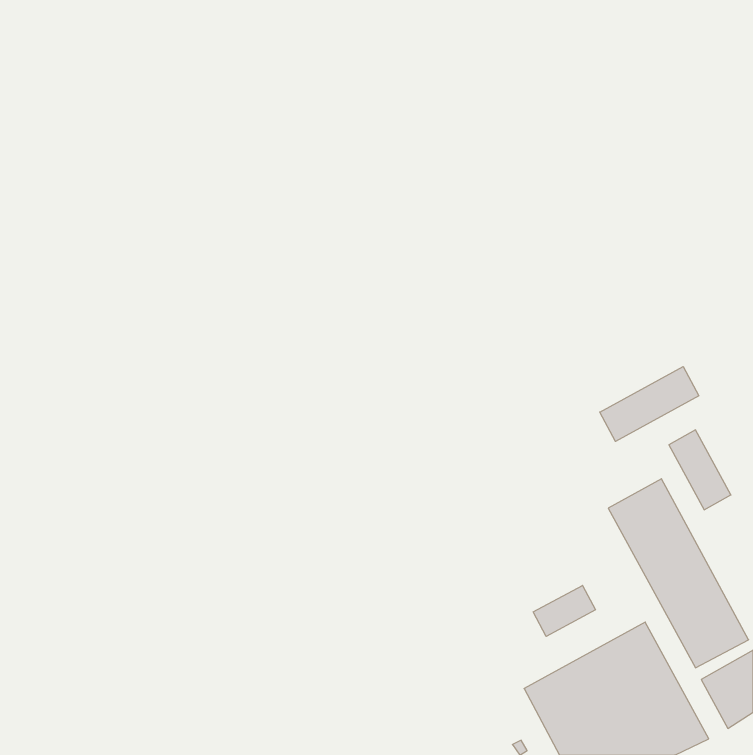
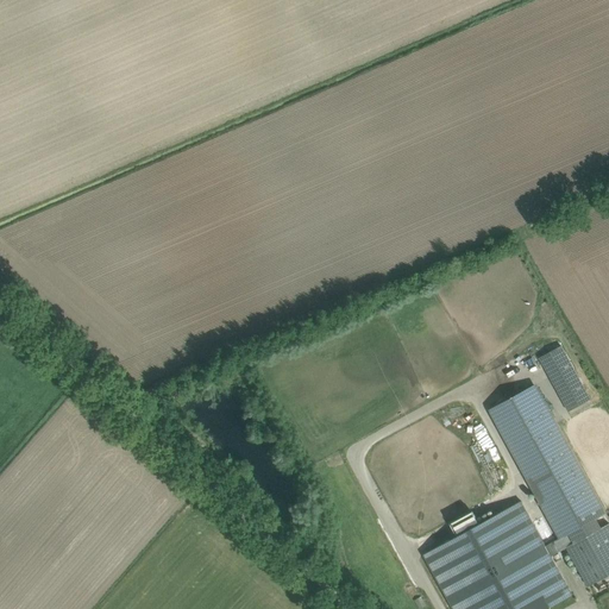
building: [600,367,699,441] -> none
building: [533,585,595,636] -> none

